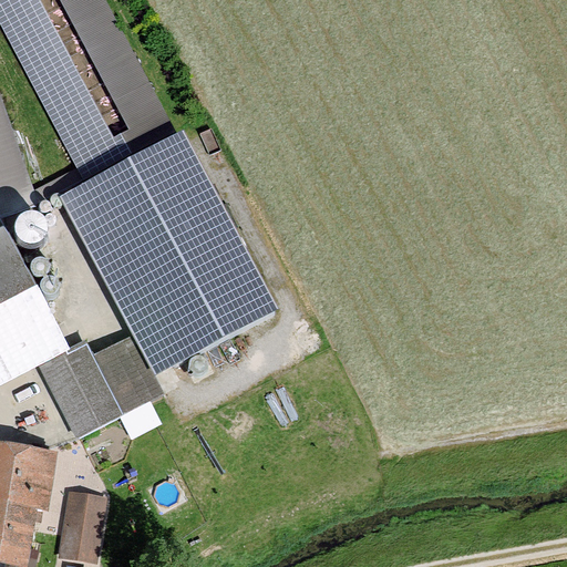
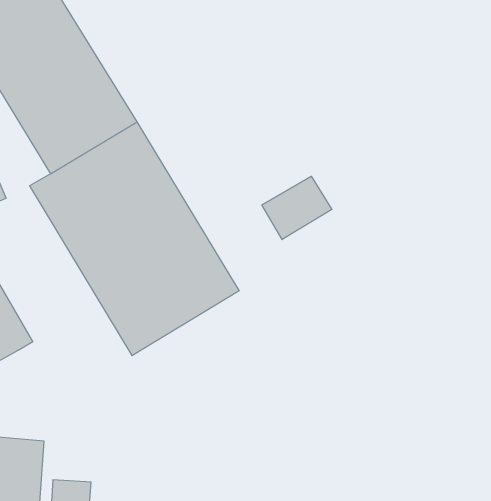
building: none -> [262,176,332,240]
building: [40,339,154,437] -> none

